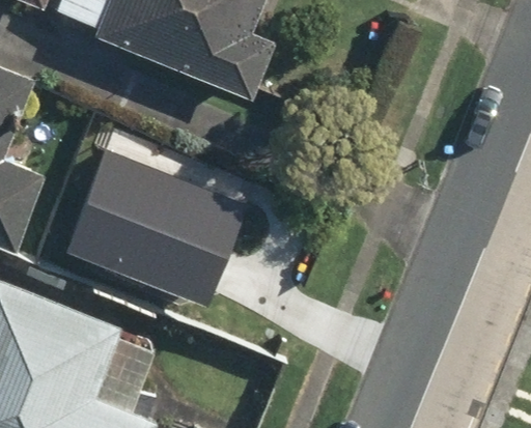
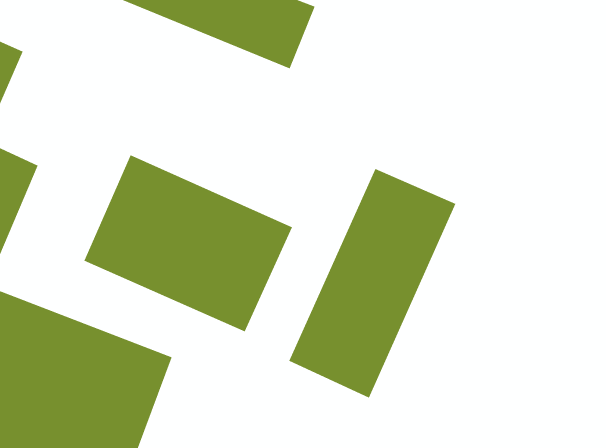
building: none -> [289,168,456,398]

